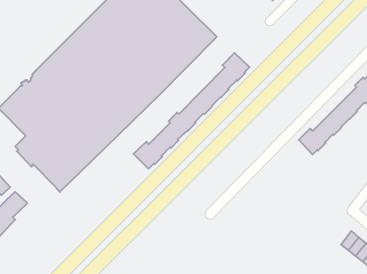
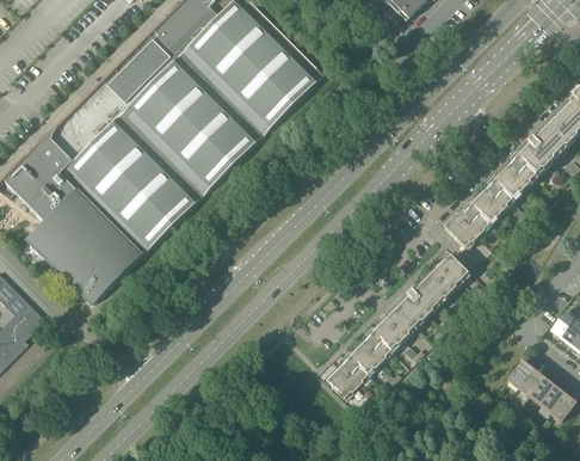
building: [133,53,250,169] -> none
building: none -> [326,254,468,397]

